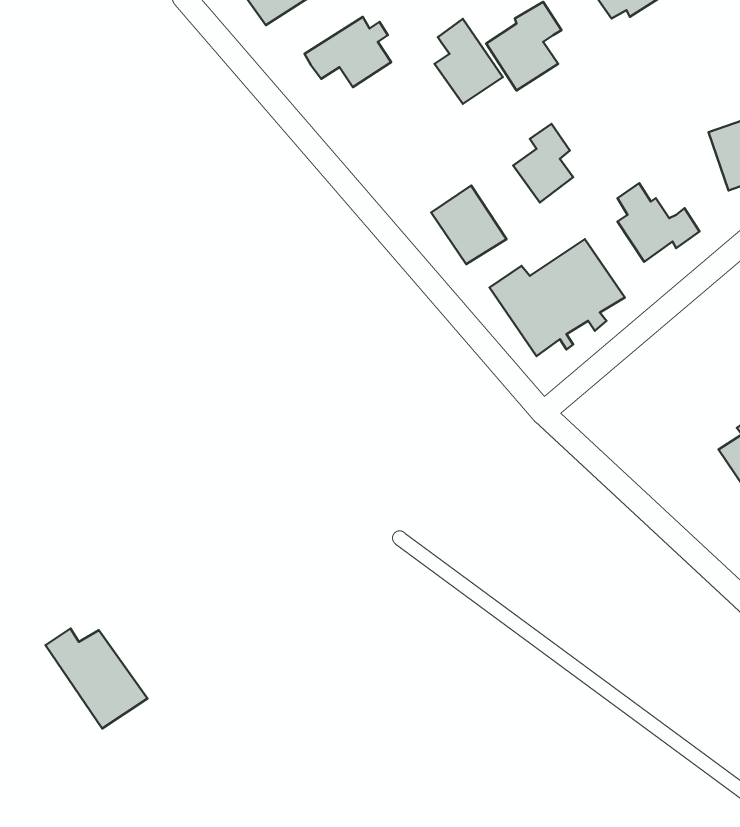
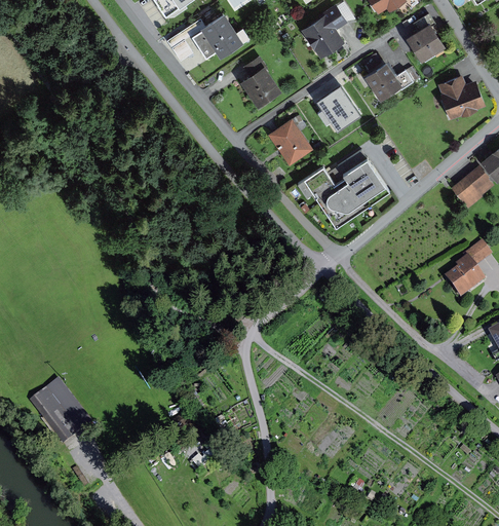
building: [435,19,503,104] -> [240,54,282,107]
building: none -> [406,23,447,63]
building: [618,183,699,262] -> [363,52,414,101]

